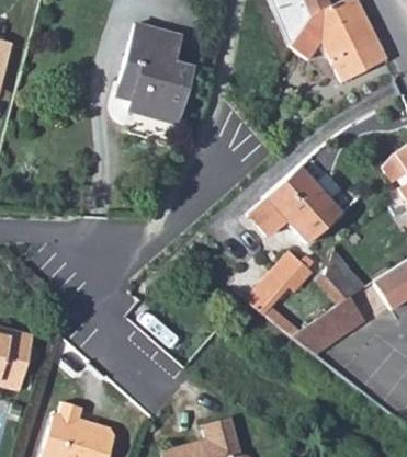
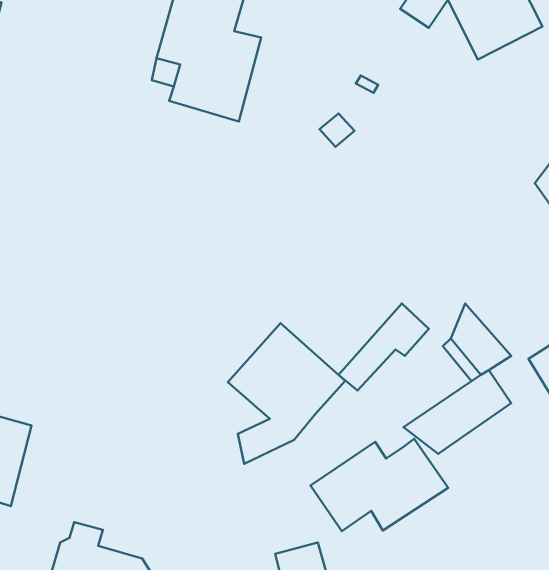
building: [247,168,340,243] -> none
building: none -> [228,323,345,464]
building: none -> [311,439,448,531]

